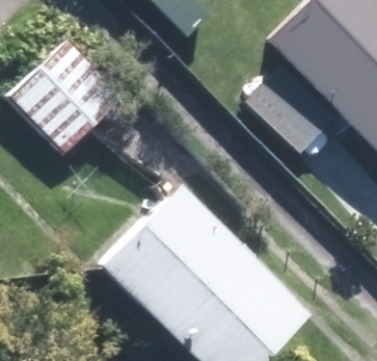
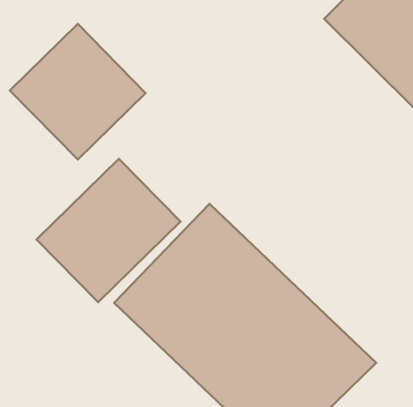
building: none -> [37,159,180,302]

